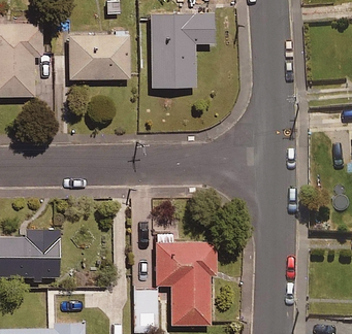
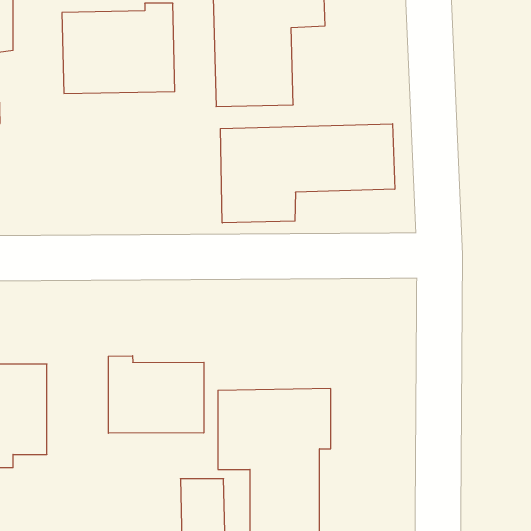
building: none -> [220,124,395,223]
building: none -> [108,356,204,433]

